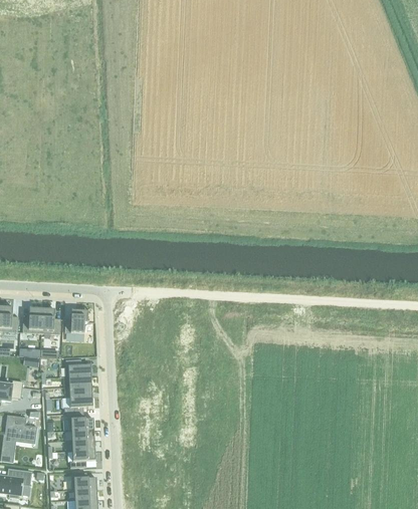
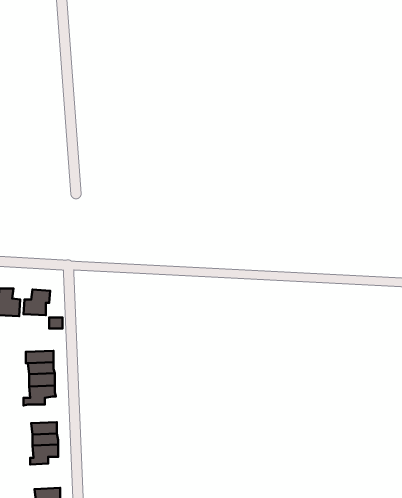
building: [67,413,93,430] -> none
building: [70,472,96,489] -> none

